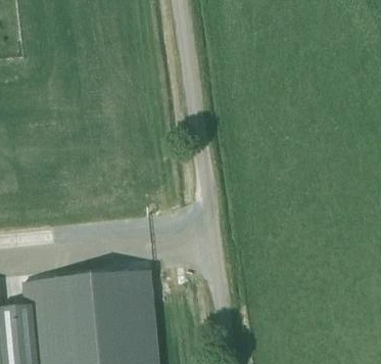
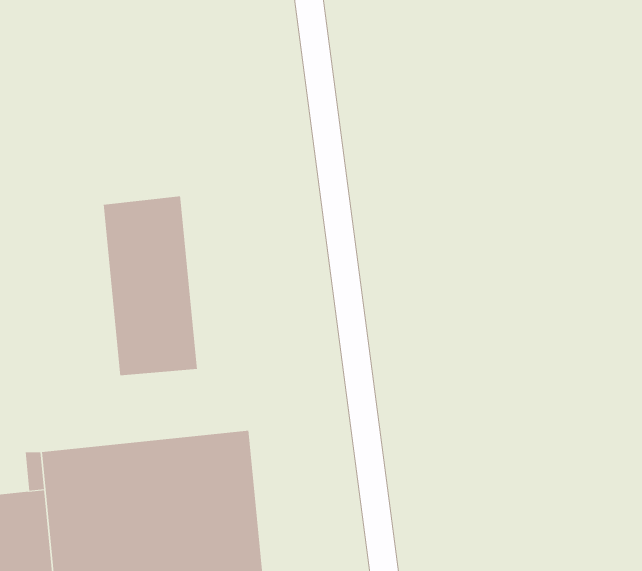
building: none -> [103,196,197,376]

